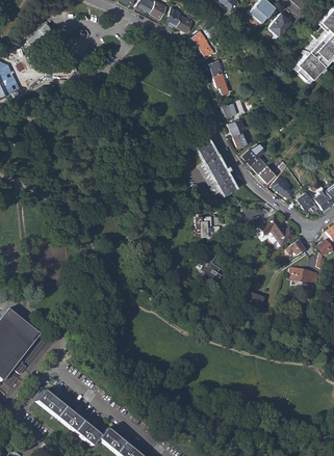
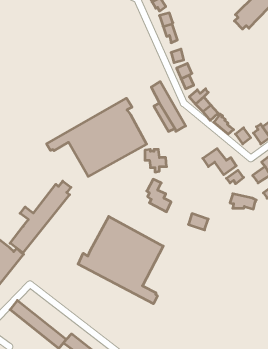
building: none -> [47,98,147,176]
building: none -> [10,181,71,253]
building: none -> [78,216,163,304]

